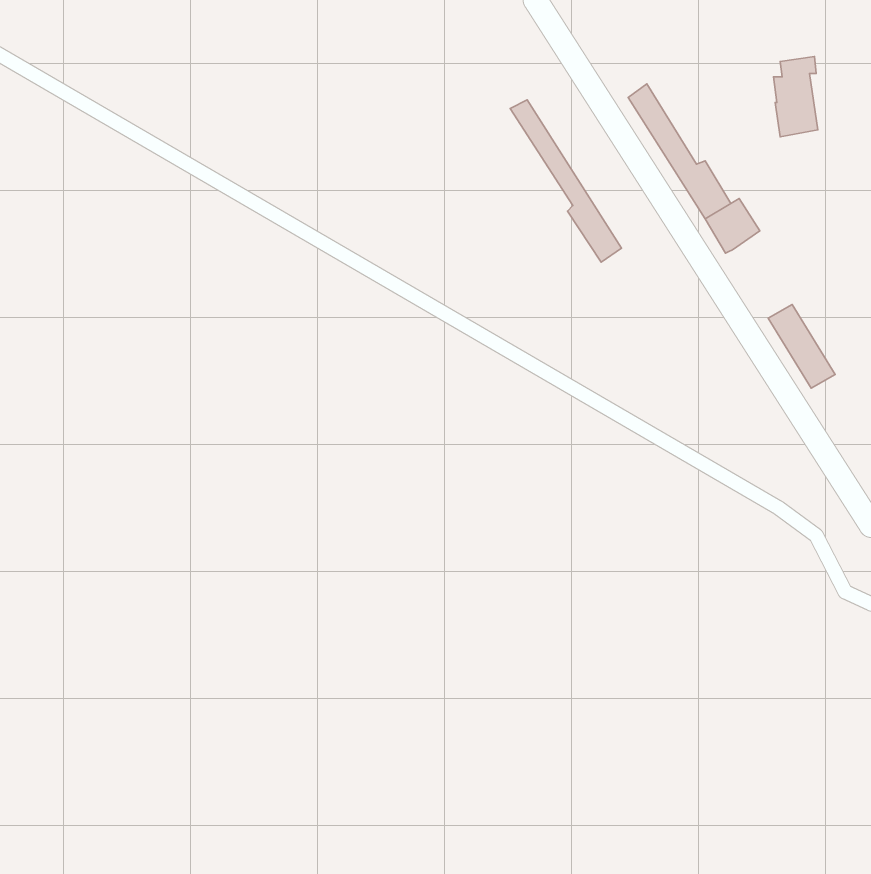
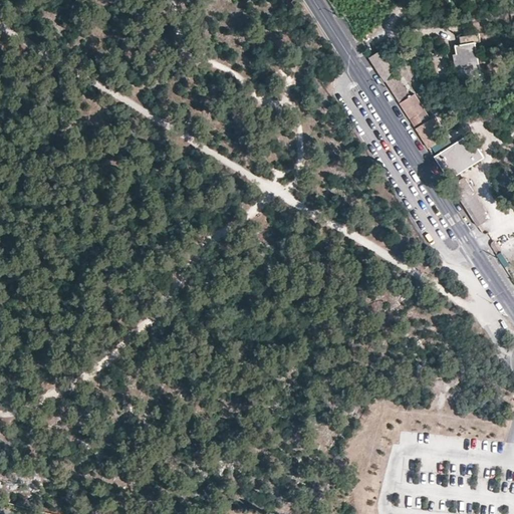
building: [510,100,621,262] -> none
building: none -> [433,135,482,180]

